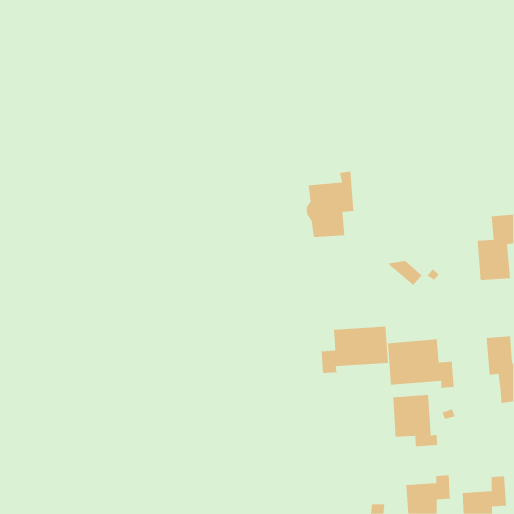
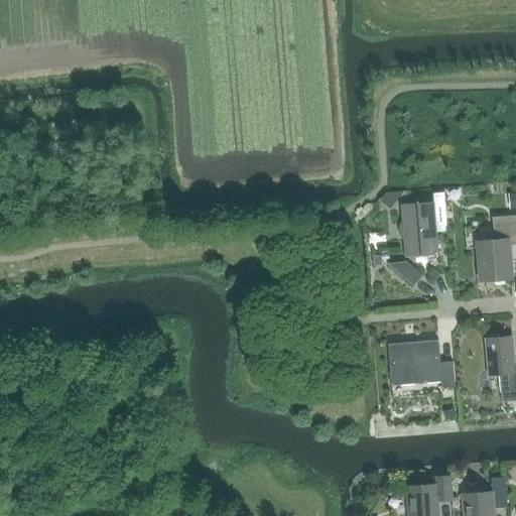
building: [306,171,354,237] -> [399,190,447,257]
building: [321,326,389,374] -> none
building: [393,394,438,447] -> none

